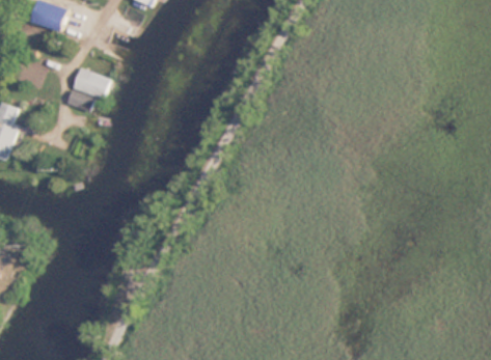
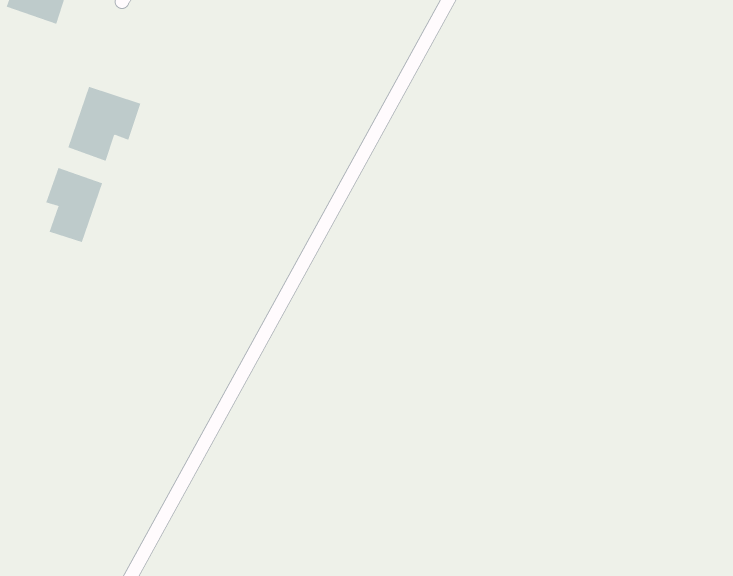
building: none -> [46,167,103,243]

